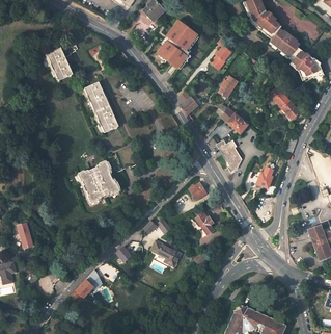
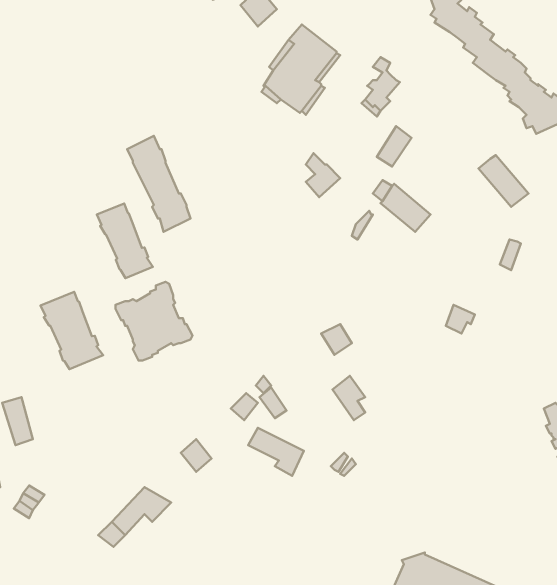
building: [46,47,73,80] -> none
building: none -> [97,203,153,278]
building: [216,139,242,172] -> none
building: none -> [41,292,103,369]

